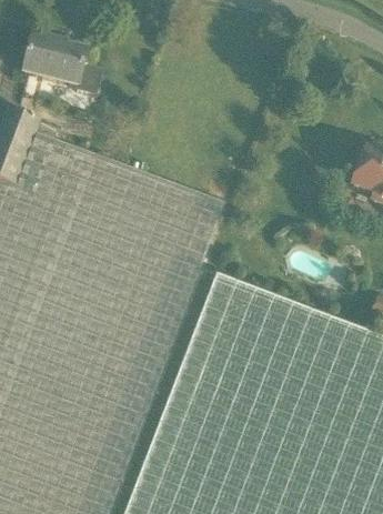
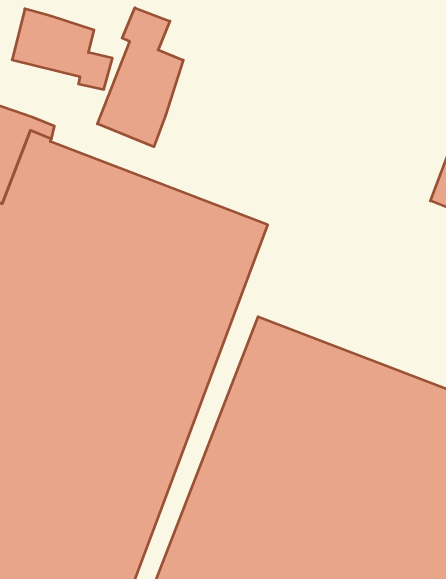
building: none -> [97,8,183,147]

